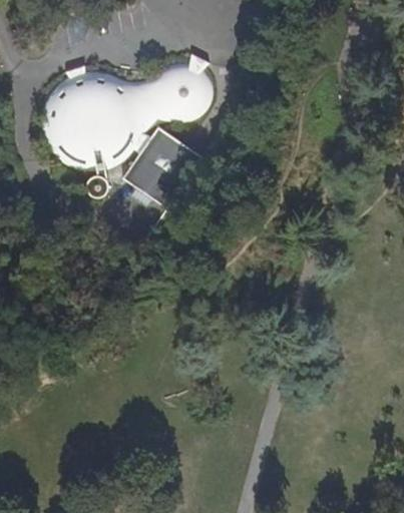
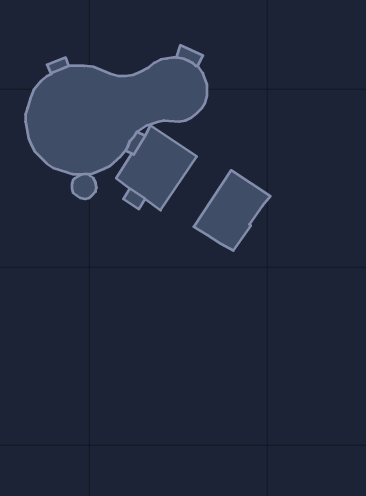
building: none -> [194,170,270,251]

